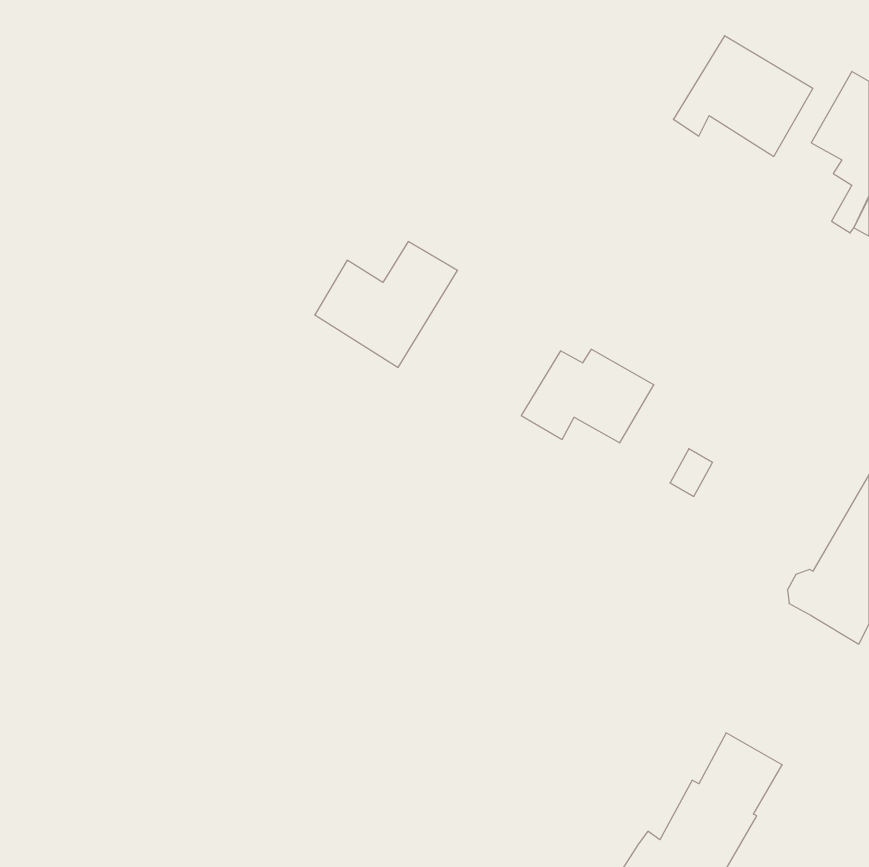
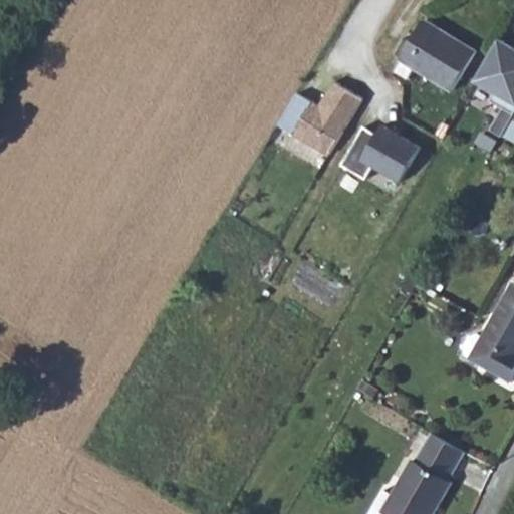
building: [315,242,458,367] -> [278,81,362,156]
building: [521,349,654,443] -> [344,128,423,184]

